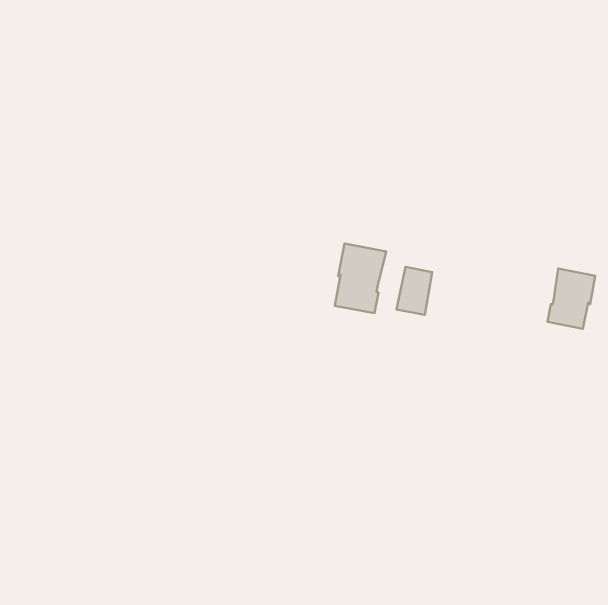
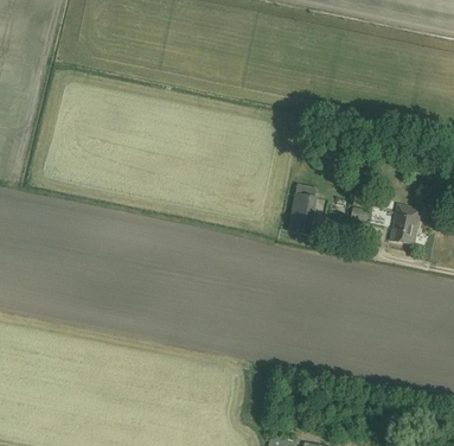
building: [335,243,386,313] -> none

